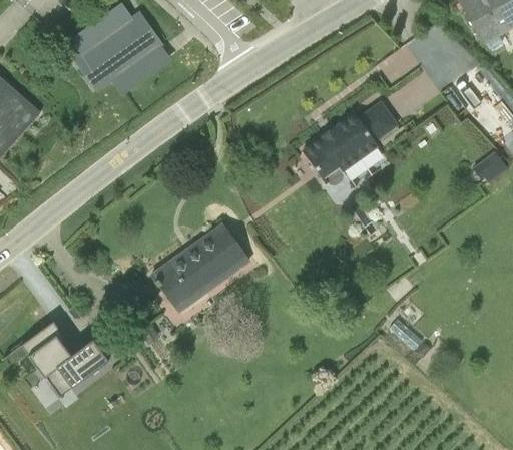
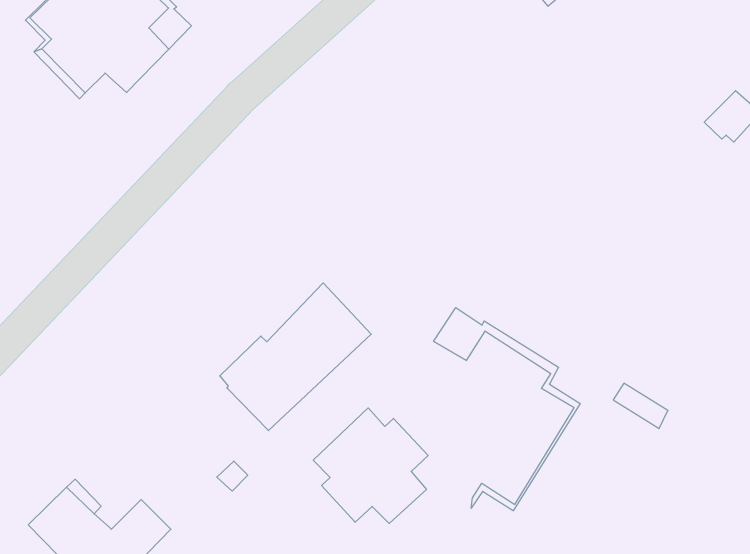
building: [302,102,397,186] -> none
building: none -> [434,308,580,511]
building: none -> [313,408,428,523]

